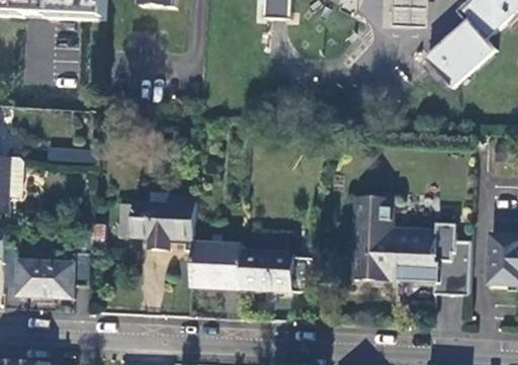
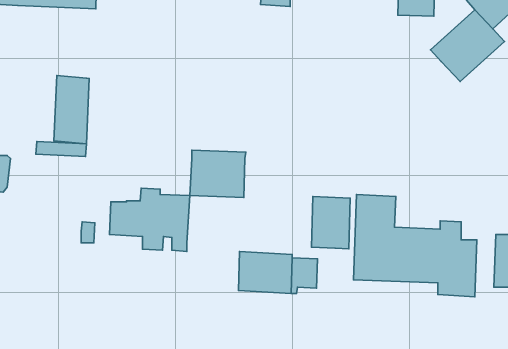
building: none -> [54,76,89,144]
building: none -> [311,197,350,249]
building: [188,243,242,288] -> [190,150,246,198]
building: [16,260,72,296] -> none

